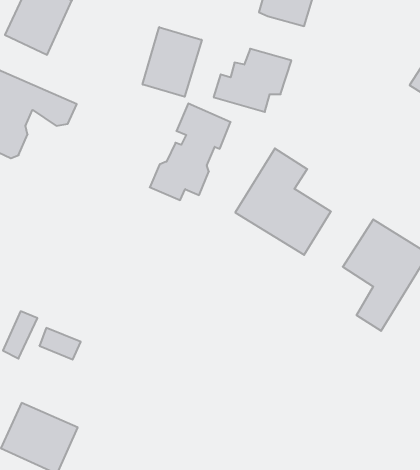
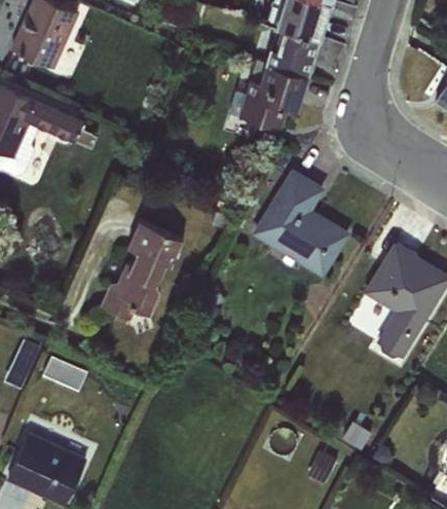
building: none -> [266,30,323,76]
building: [143,27,202,97] -> none
building: [150,103,231,200] -> [99,221,183,322]

